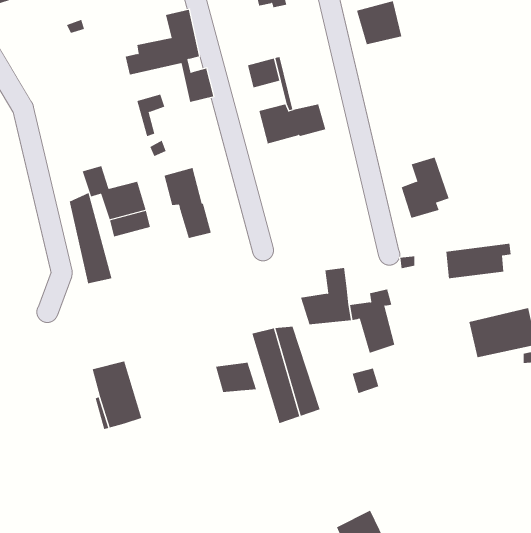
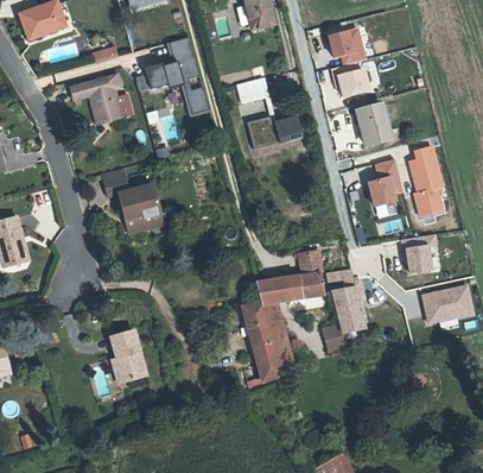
building: none -> [57,68,129,120]
building: none -> [336,72,369,100]
building: none -> [357,107,387,146]
building: none -> [406,147,446,220]
building: [164,167,212,239] -> none
building: [69,192,112,284] -> none
building: [215,362,257,392] -> [254,277,288,302]

